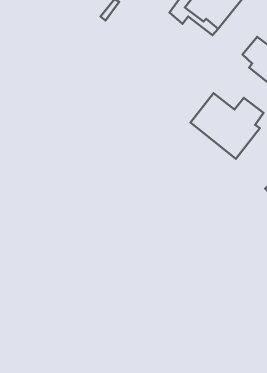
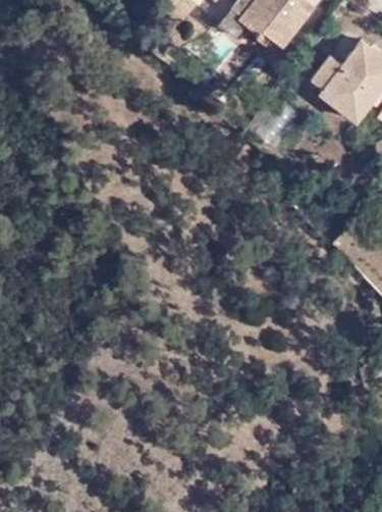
building: [190,93,263,159] -> none

